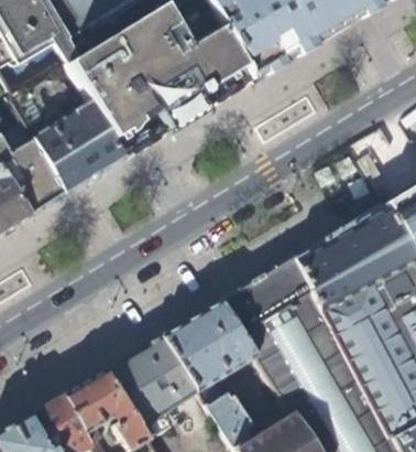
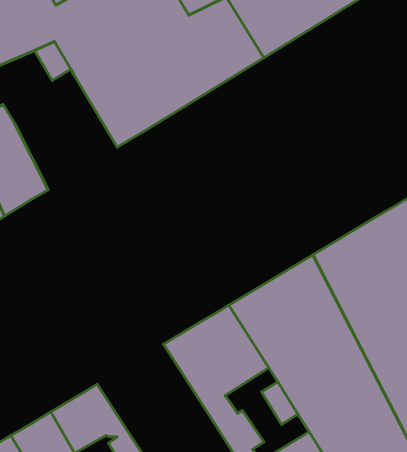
building: [31,97,121,198] -> none
building: [103,334,197,423] -> none

